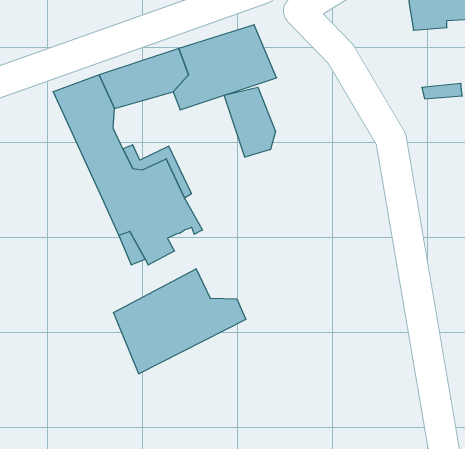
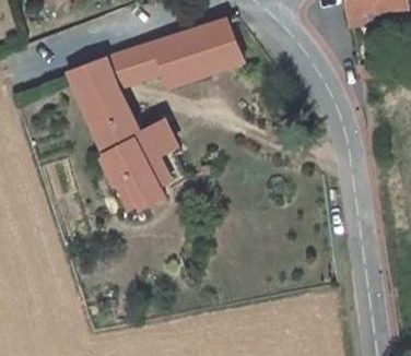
building: [224,87,275,157] -> none
building: [114,269,246,374] -> none

